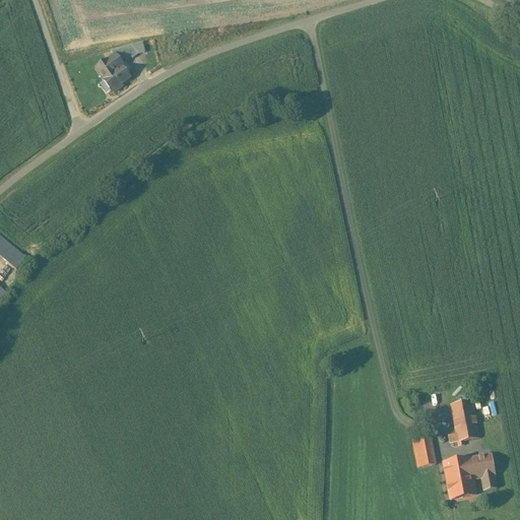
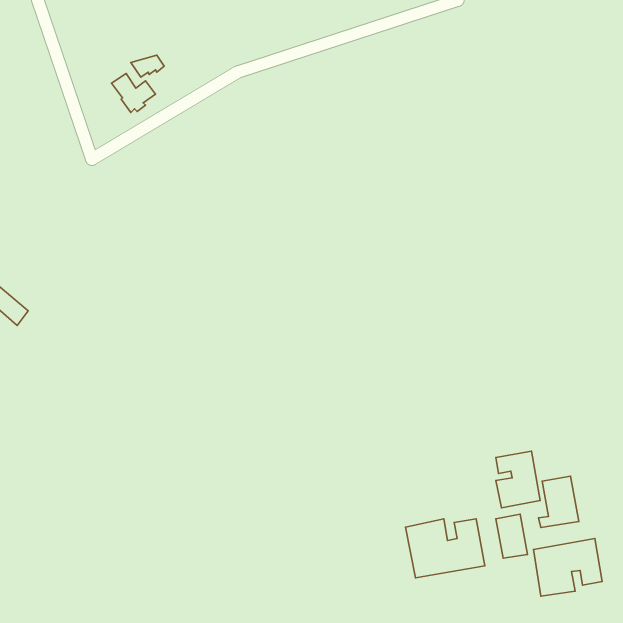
building: none -> [496,451,540,508]
building: none -> [405,519,485,578]

